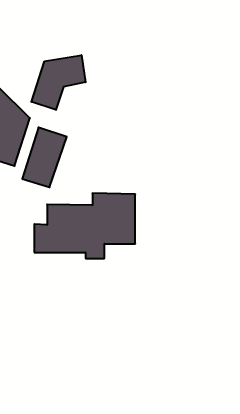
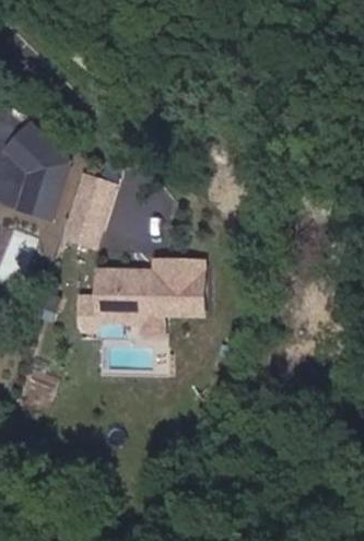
building: [31,55,86,110] -> none

